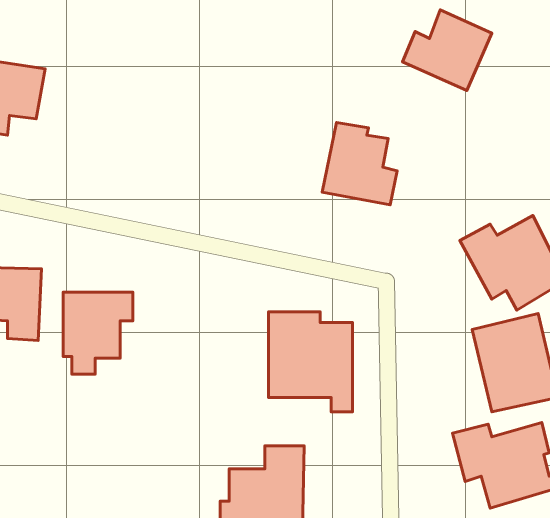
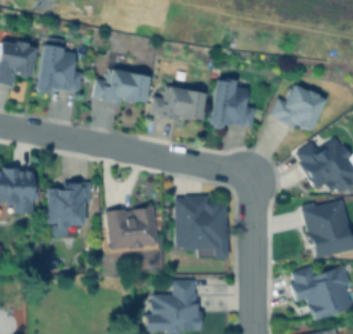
building: [403,10,492,90] -> [271,83,326,133]
building: none -> [37,45,83,94]
building: none -> [92,68,151,104]
building: none -> [150,85,205,122]
building: none -> [107,205,159,250]

